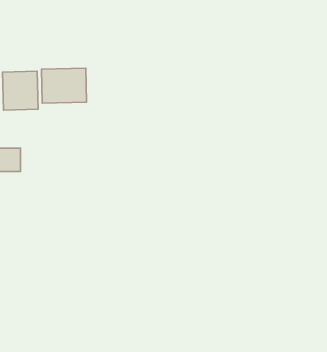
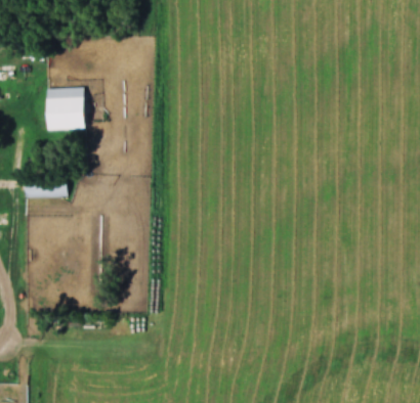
building: [41,68,87,103] -> none

